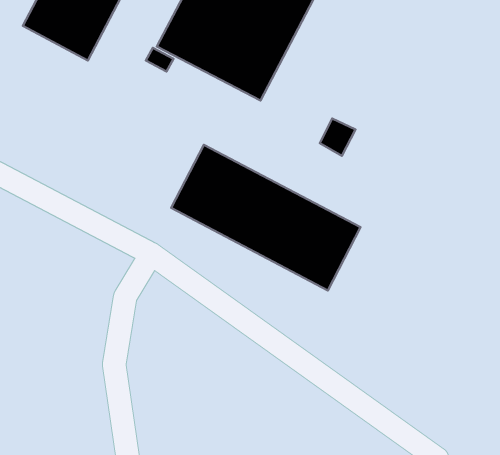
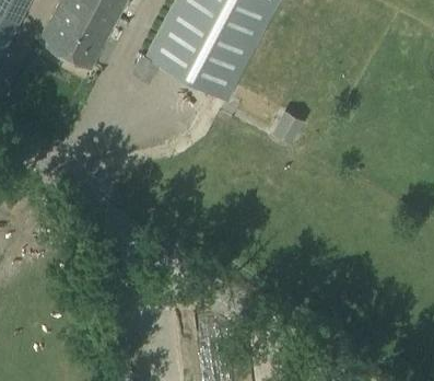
building: [171,145,360,290] -> none

